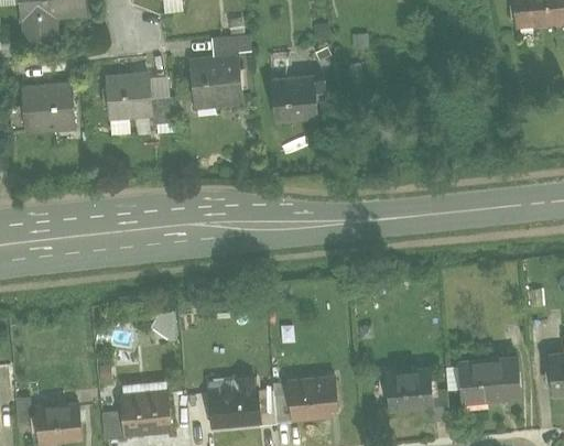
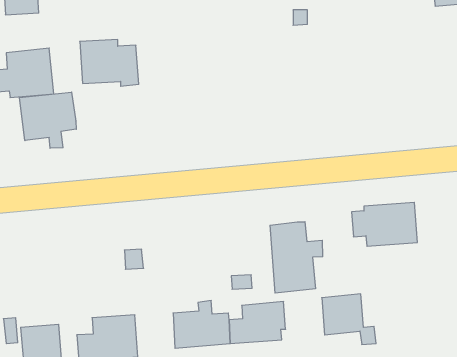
building: [191,37,250,111] -> none
building: [271,72,324,123] -> none
building: none -> [19,92,76,148]
building: none -> [270,222,323,293]
building: [444,356,520,406] -> [352,202,417,246]

